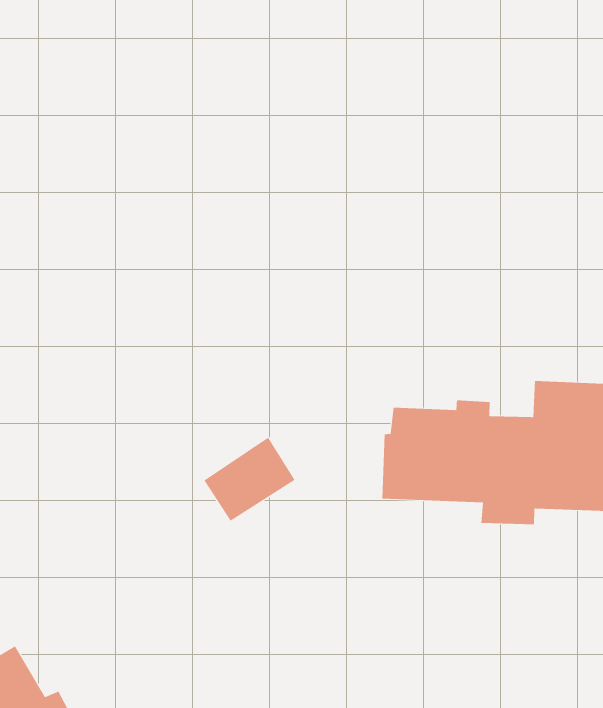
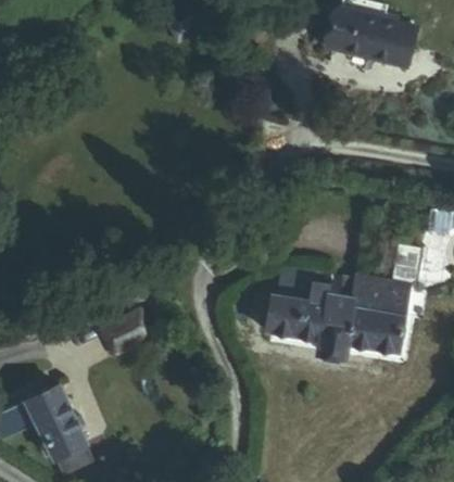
building: [203,437,296,522] -> [101,308,151,352]

